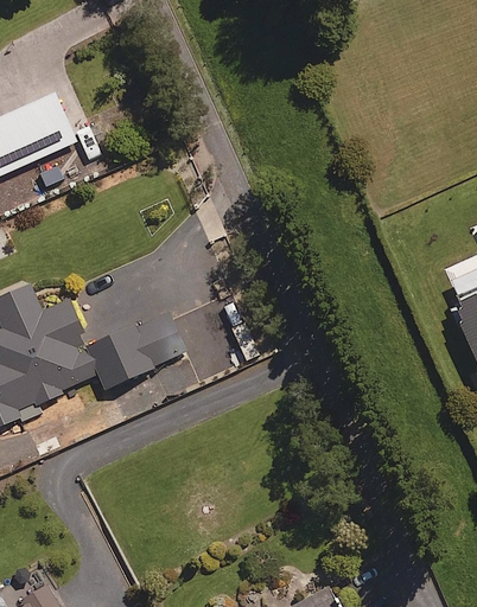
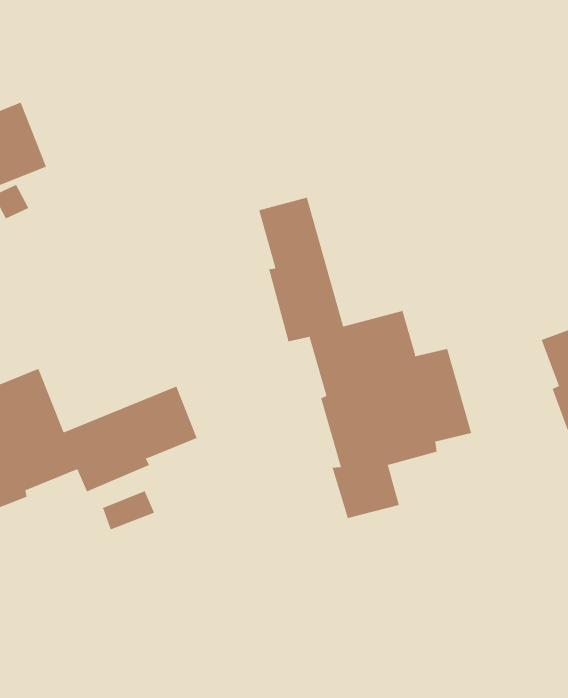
building: none -> [258,197,472,519]

